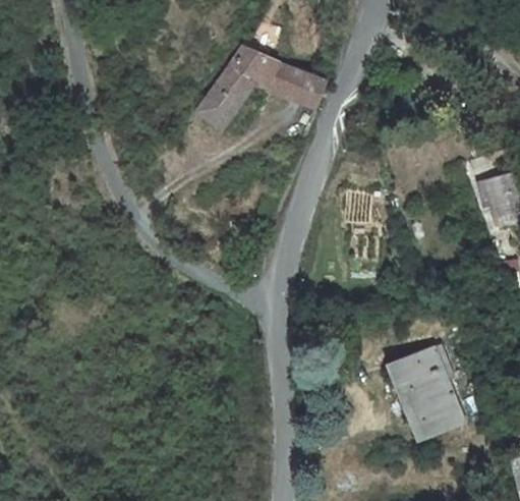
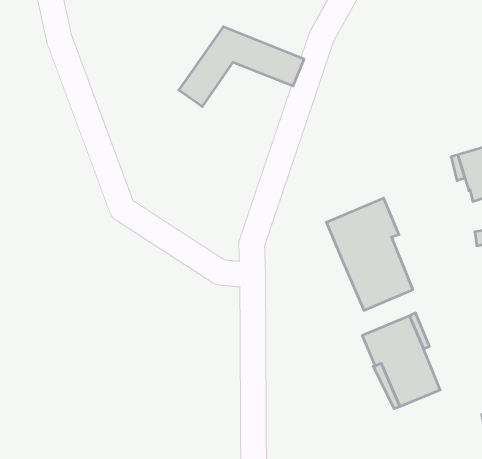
building: none -> [326,198,413,310]

